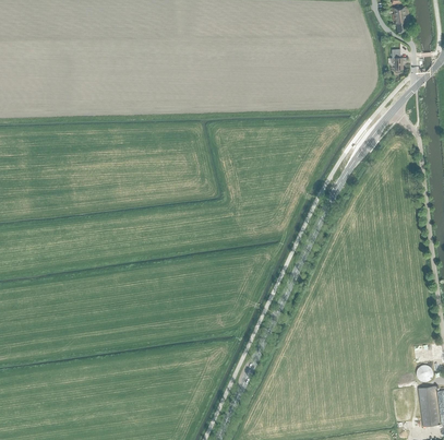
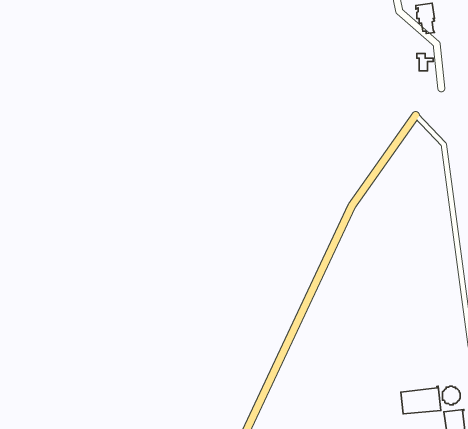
building: none -> [401,386,441,414]

